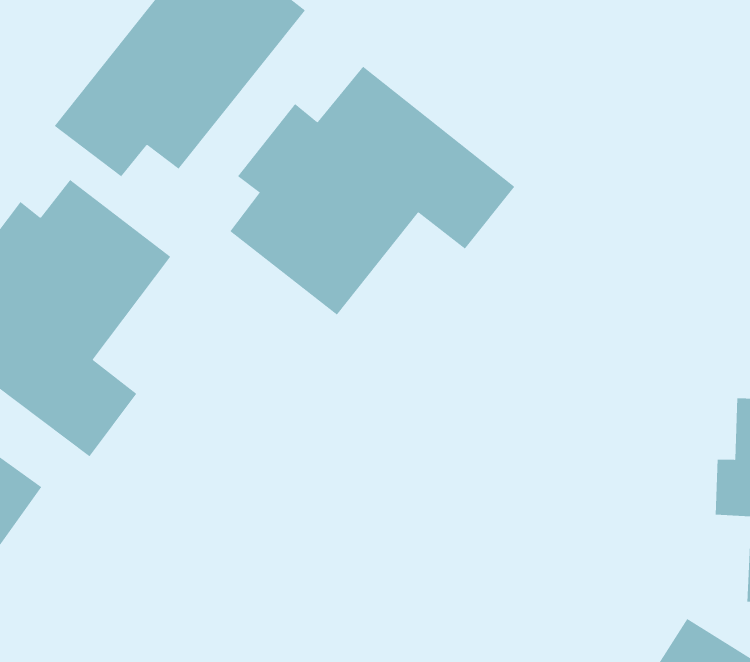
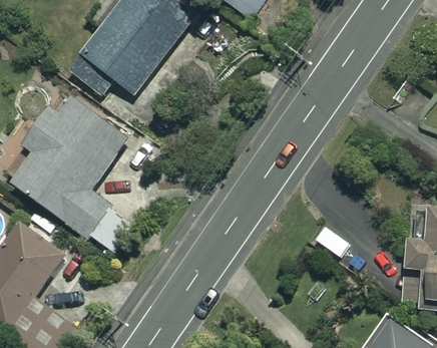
building: [230,66,515,316] -> none

